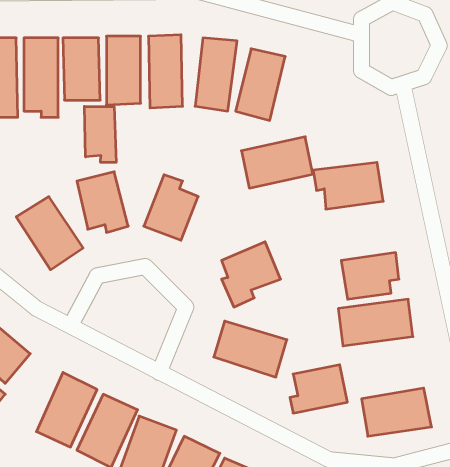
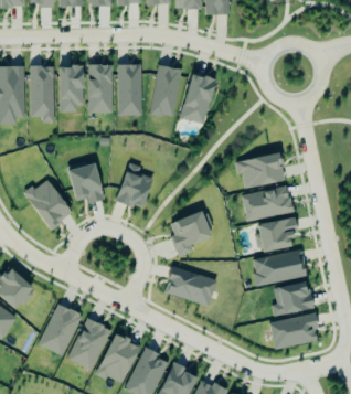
building: [84,106,116,162] -> none
building: [241,137,313,188] -> [242,184,292,221]
building: [290,365,347,413] -> [272,281,312,316]

